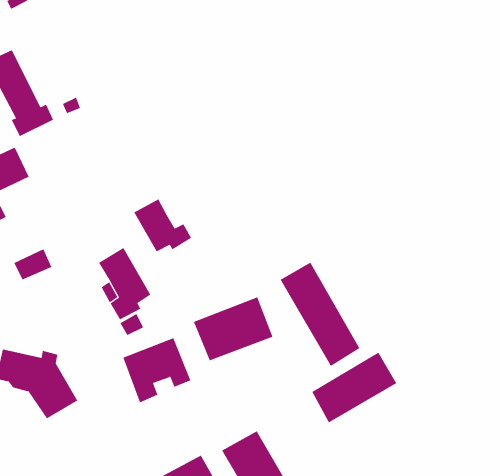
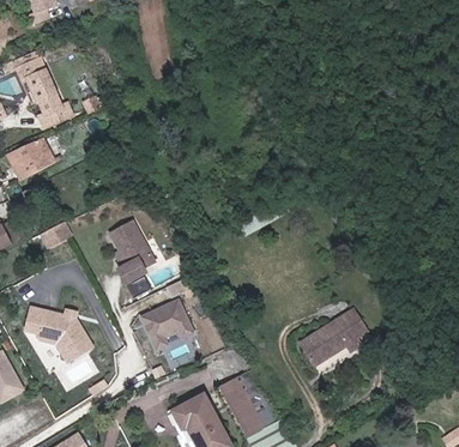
building: [133,198,192,252] -> none
building: [280,262,360,367] -> none
building: [193,297,273,361] -> none

